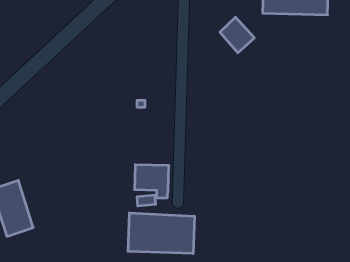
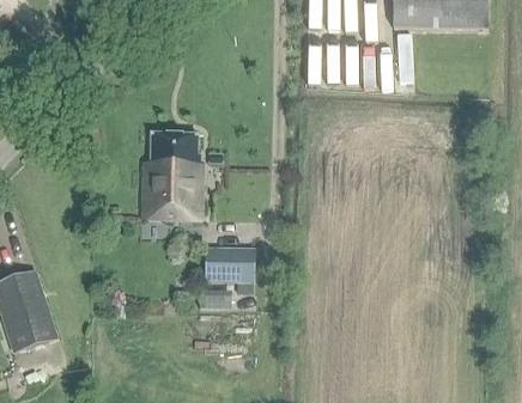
building: none -> [141,132,202,219]
building: [128,213,194,254] -> none

